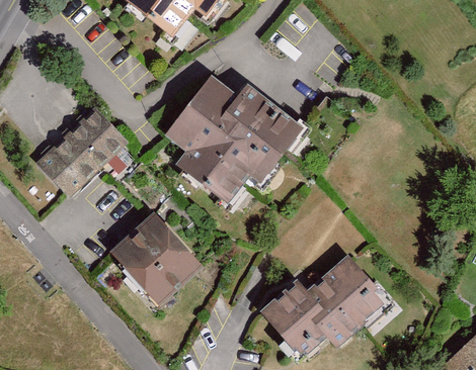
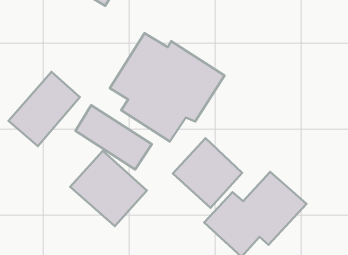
building: none -> [75,105,152,170]
building: none -> [173,138,242,208]

